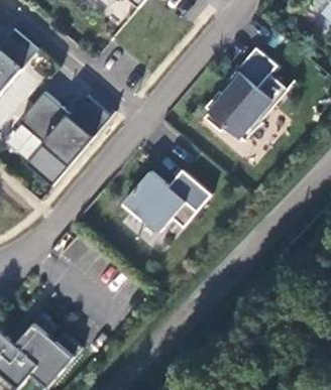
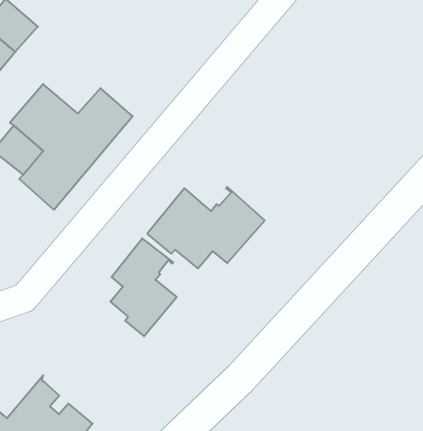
building: [203,46,287,138] -> none
building: none -> [110,238,177,336]

